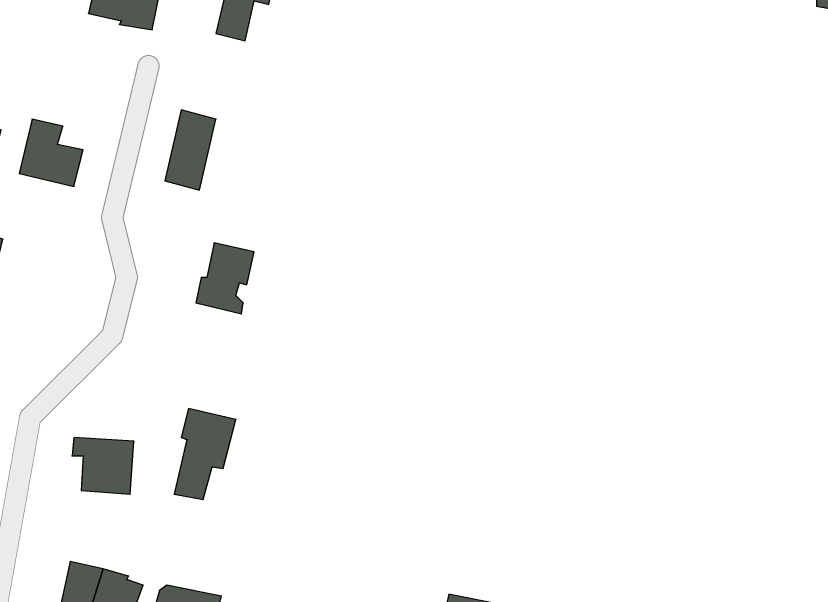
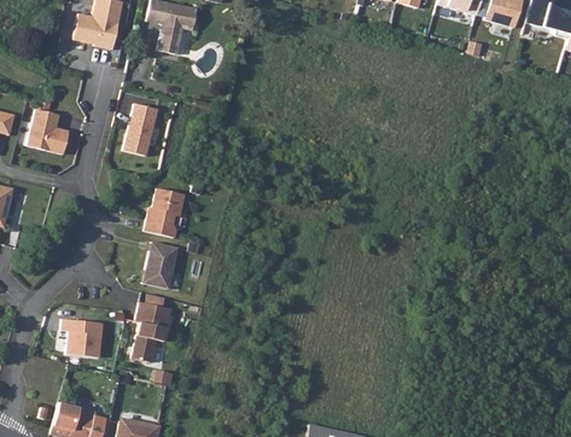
building: none -> [141,243,176,290]

